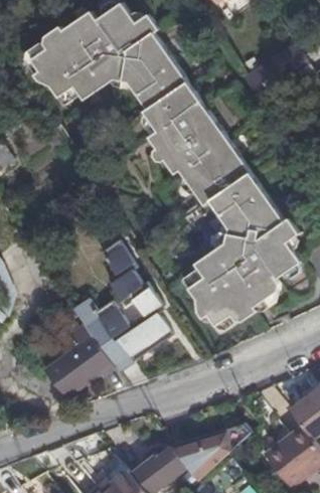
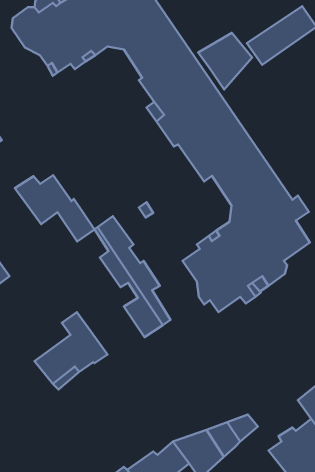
building: none -> [198,33,252,90]
building: [73,299,147,360] -> [15,175,94,241]

